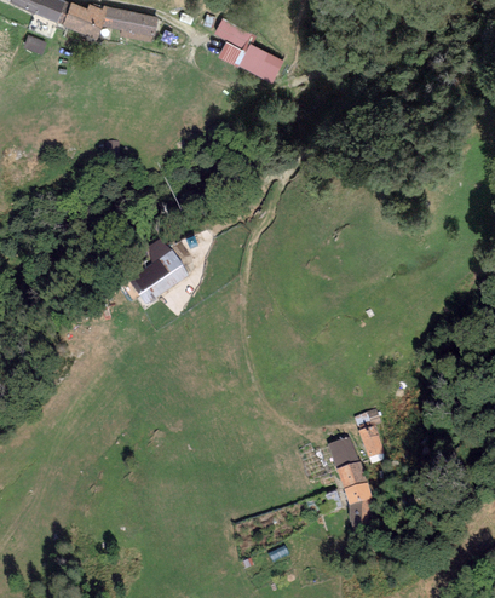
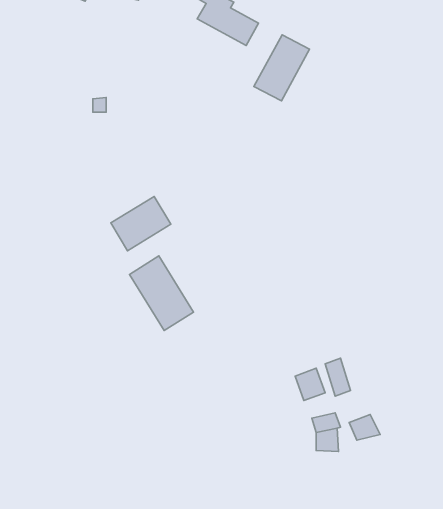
building: none -> [254,35,310,101]
building: none -> [130,256,193,331]
building: [334,462,368,490] -> [349,415,380,440]

